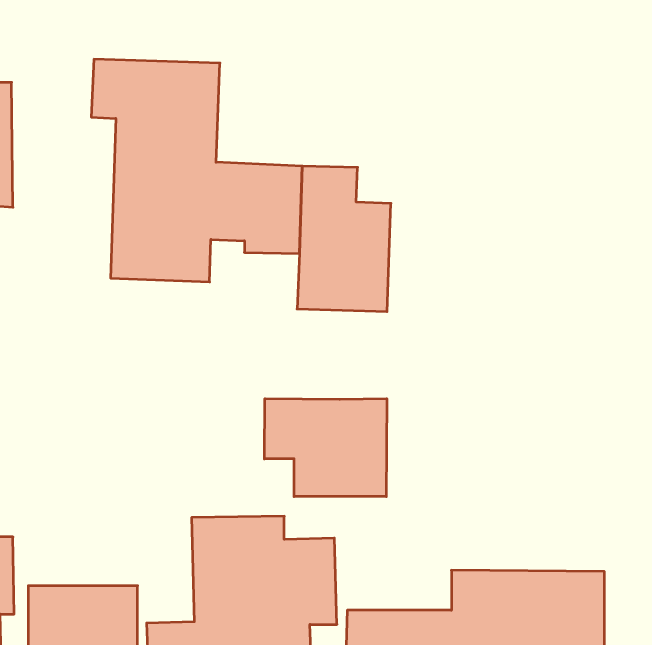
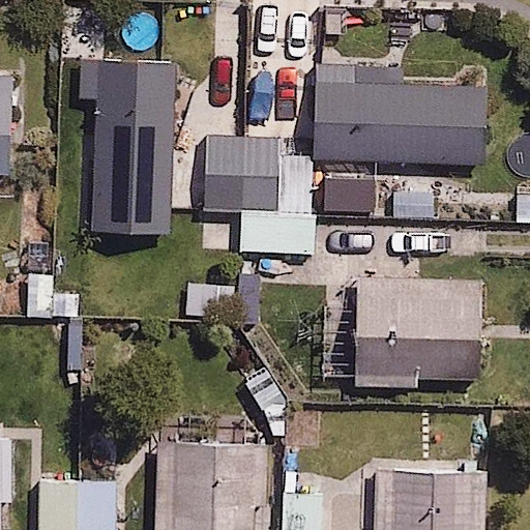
building: none -> [314,64,488,166]
building: none -> [353,284,487,390]
building: [264,399,387,497] -> none

